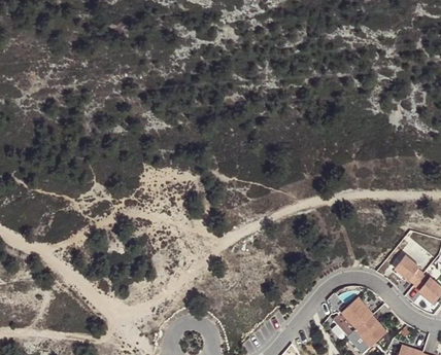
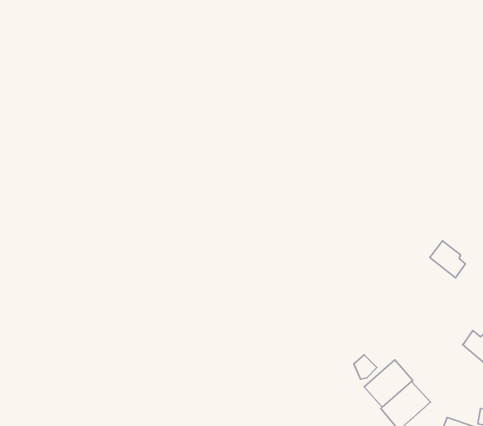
building: [395,255,423,285] -> [430,241,466,278]

